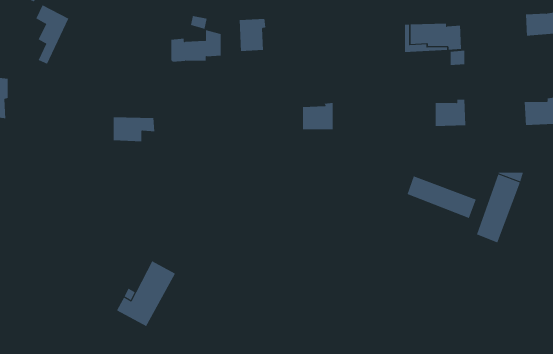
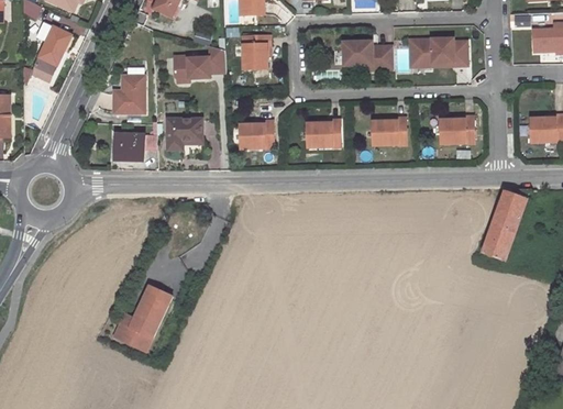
building: none -> [342,40,393,69]
building: none -> [114,75,144,112]
building: none -> [168,118,201,147]
building: none -> [372,118,404,145]
building: none -> [239,121,271,148]
building: [407,176,476,219] -> none

